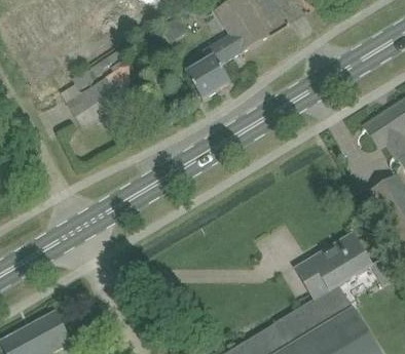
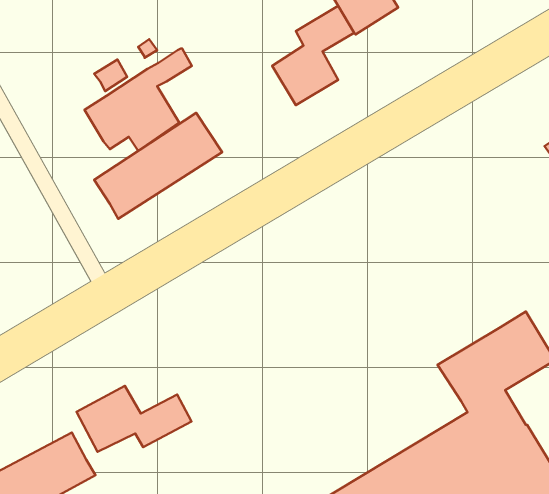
building: none -> [94,113,222,219]
building: none -> [76,386,192,452]

